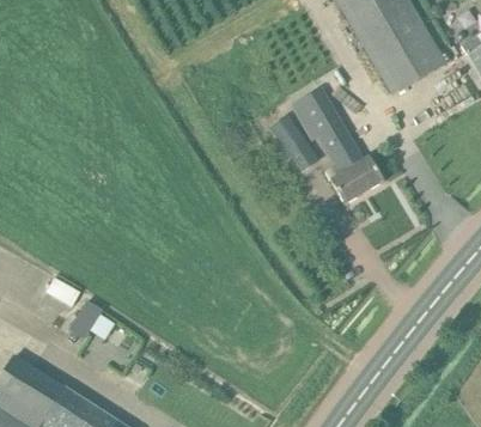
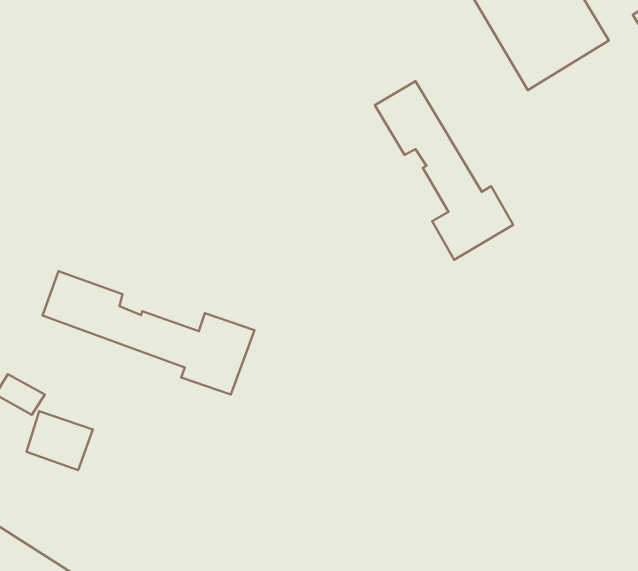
building: [269,114,318,171] -> none
building: none -> [42,271,254,395]

